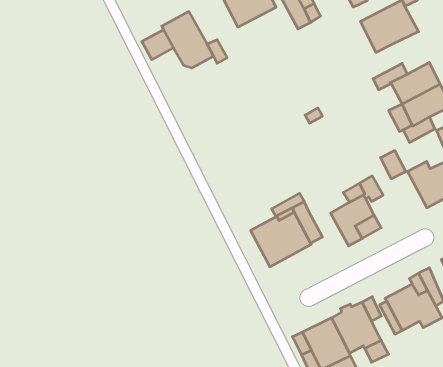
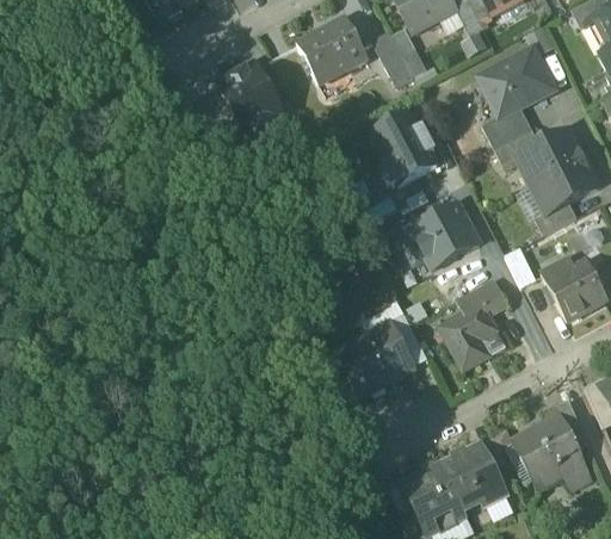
building: none -> [482,105,533,150]
building: none -> [371,111,437,182]
building: none -> [411,203,480,268]

